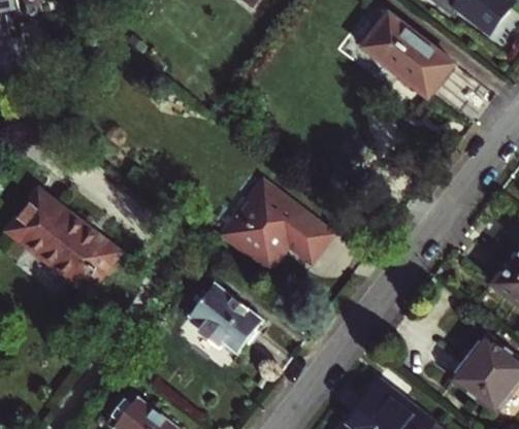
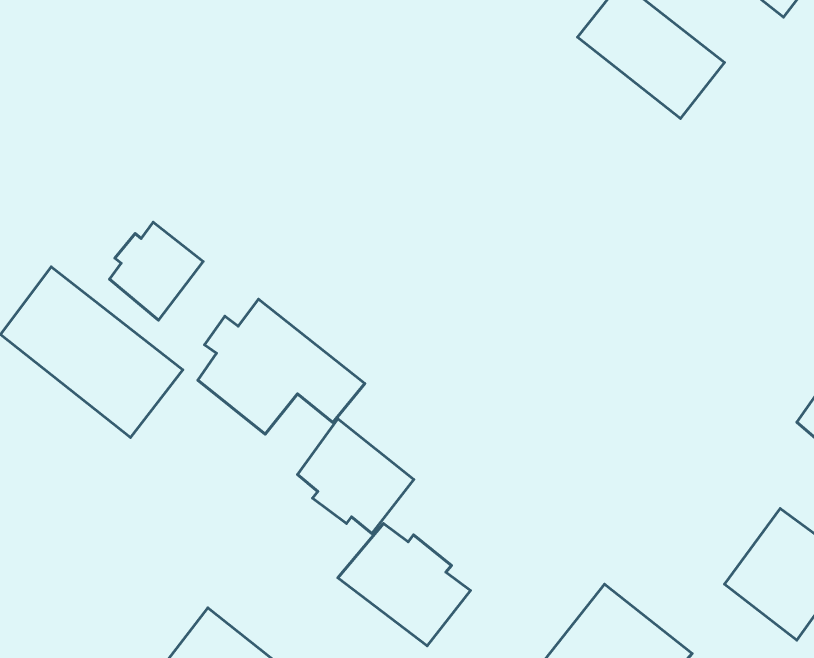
building: none -> [109,222,203,320]
building: [225,183,327,265] -> [198,299,365,434]
building: none -> [338,524,470,646]

